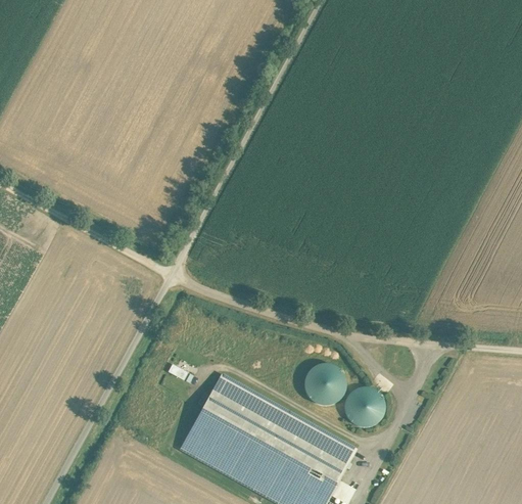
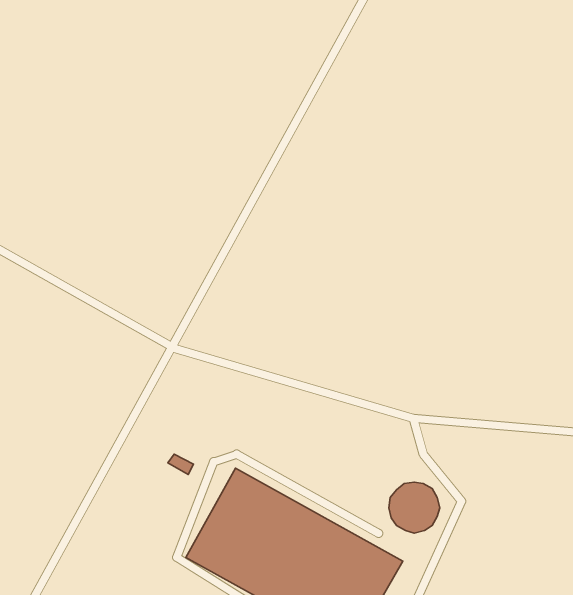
building: [301,363,344,407] -> none

